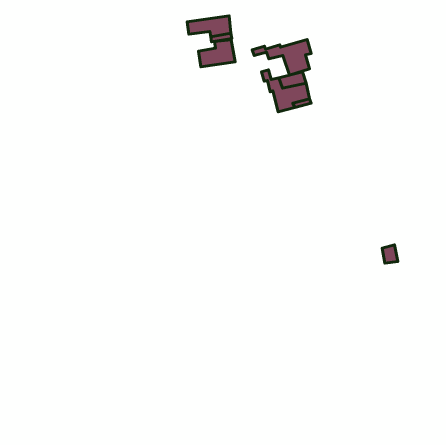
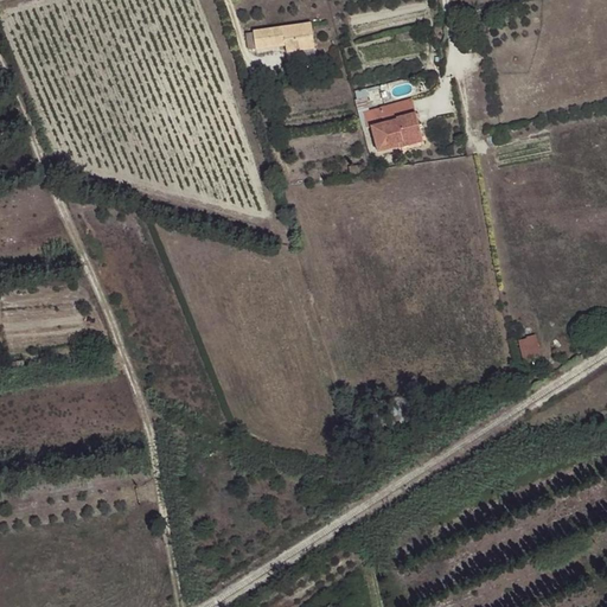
building: [252,40,311,75] -> none
building: [198,40,235,67] -> none

